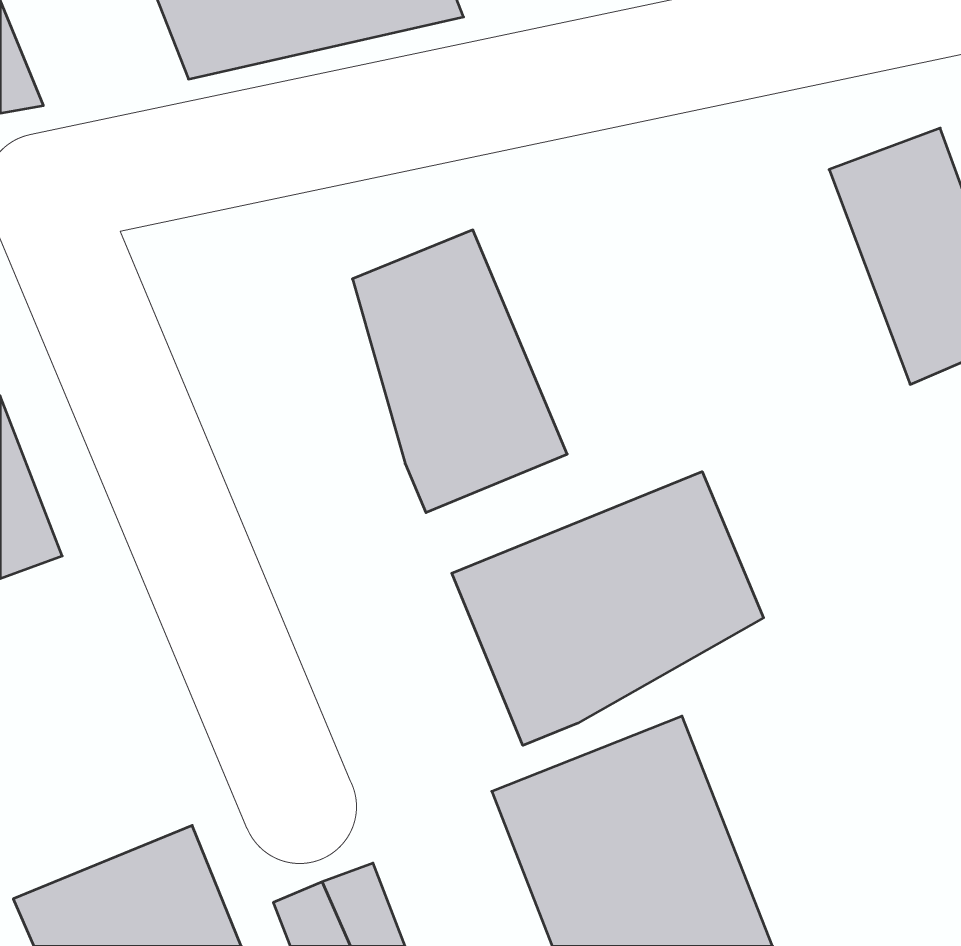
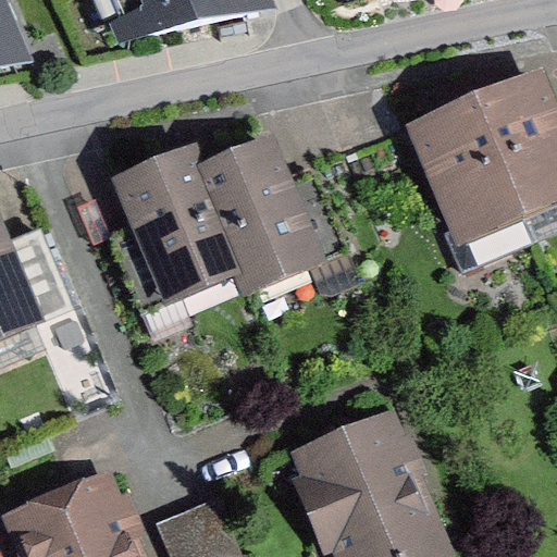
building: none -> [405,98,527,250]
building: none -> [111,140,235,298]
building: [452,472,764,745] -> none

